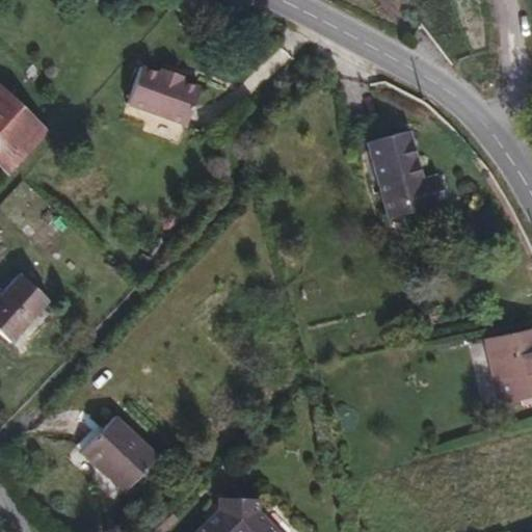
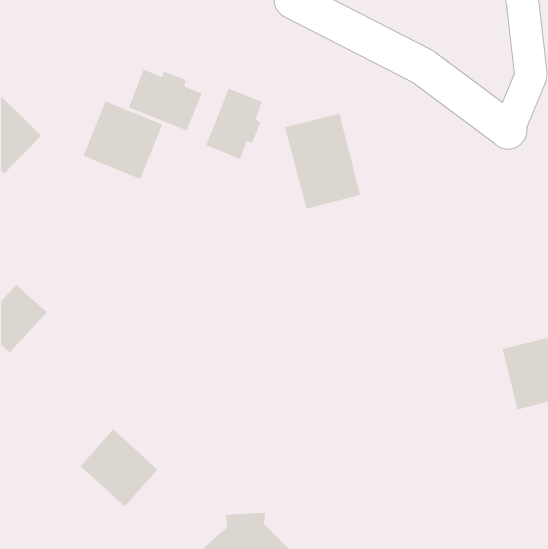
building: none -> [205,88,263,160]
building: none -> [83,101,163,180]
building: [365,126,438,218] -> [284,113,361,209]

